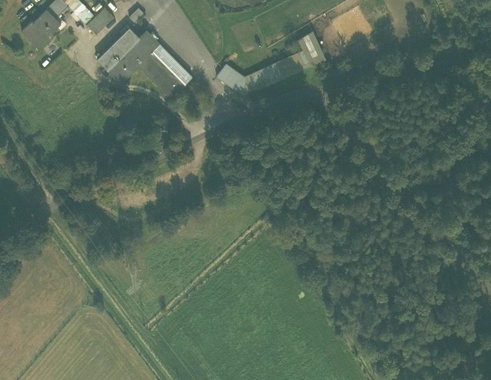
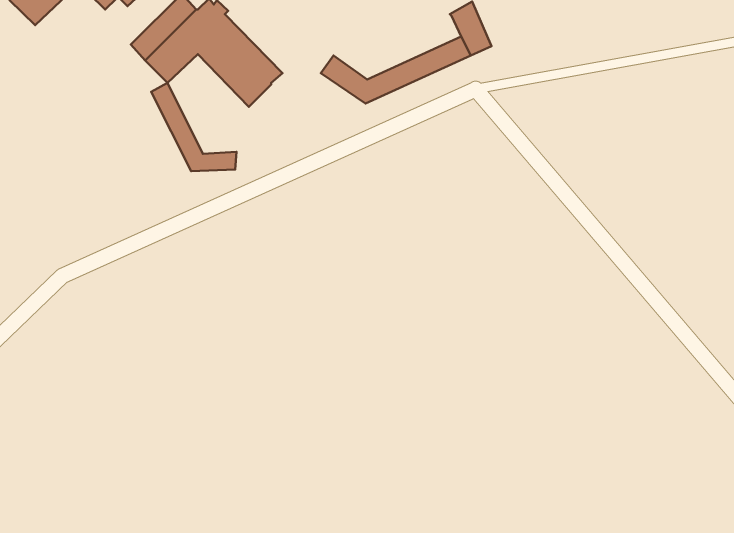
building: none -> [151,83,237,171]

